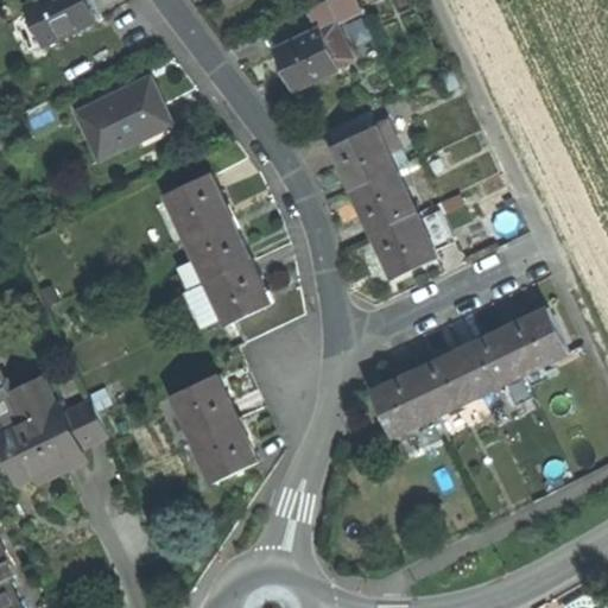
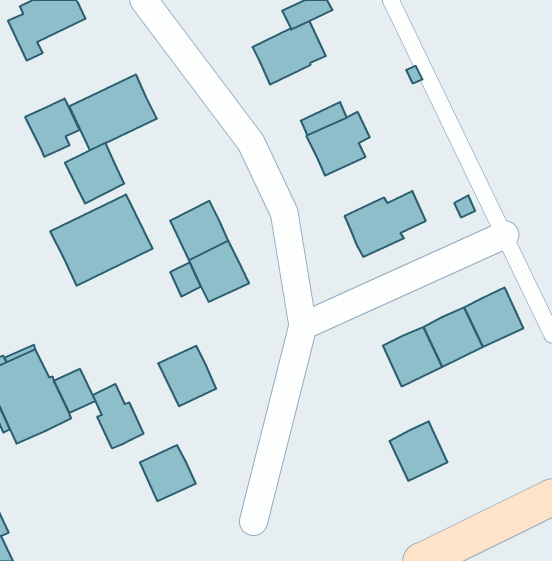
building: none -> [26,98,80,157]
building: [352,170,416,234] -> none
building: [163,173,227,239] -> [65,143,124,203]
building: none -> [50,194,152,286]
building: [372,374,435,438] -> [389,421,448,481]
building: none -> [93,384,143,448]
building: [194,420,254,481] -> [140,445,196,501]

